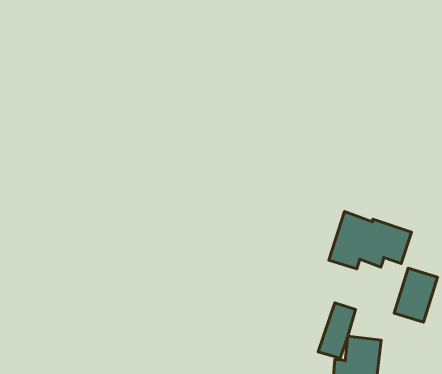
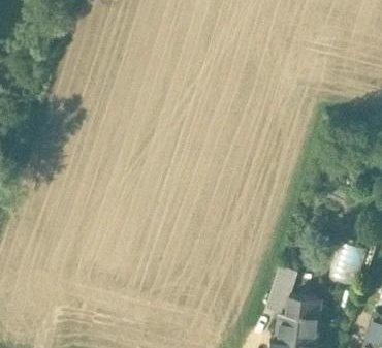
building: [329,212,412,269] -> none

